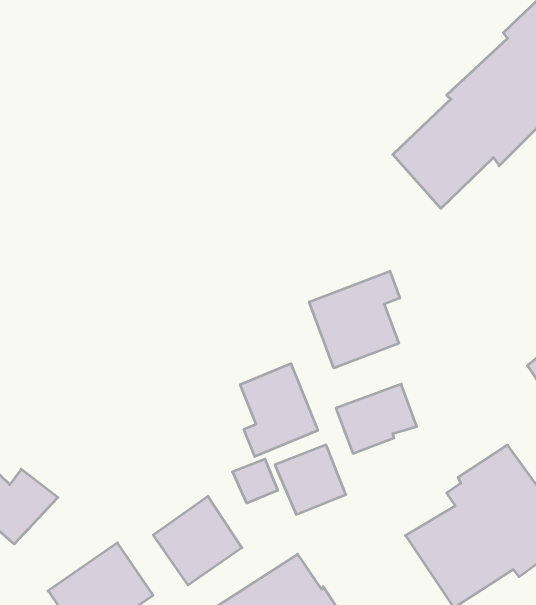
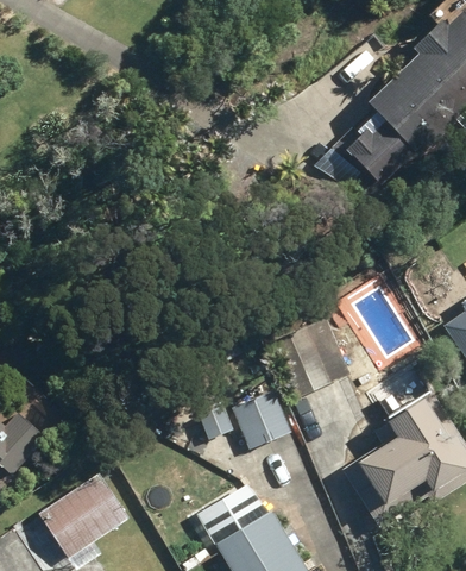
building: [309,271,400,368] -> none
building: [240,364,318,457] -> none
building: [153,496,242,585] -> none

